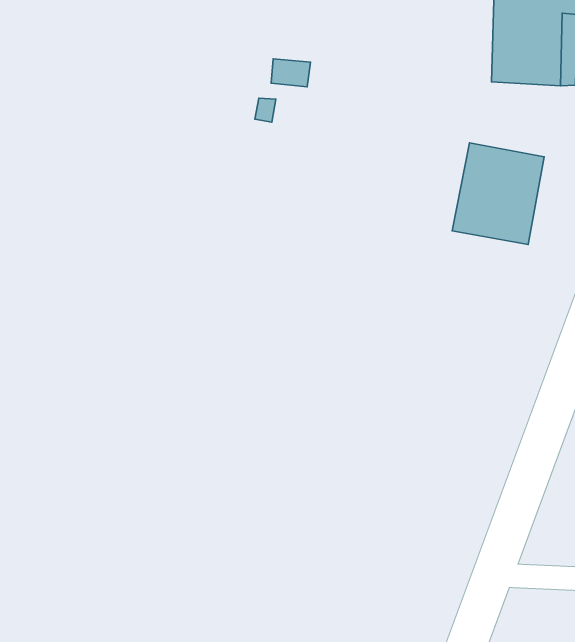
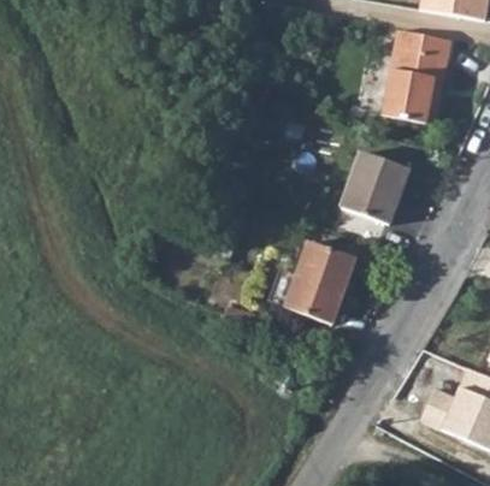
building: none -> [285,239,354,322]

